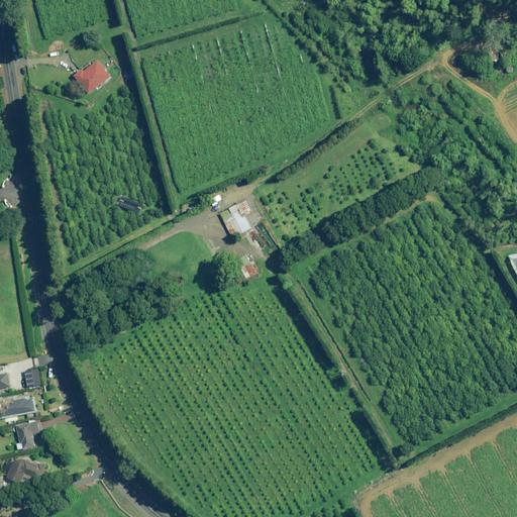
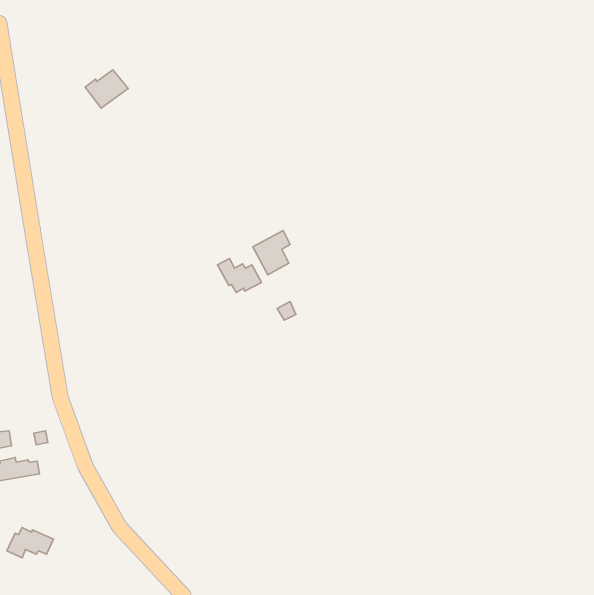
building: none -> [218,259,261,293]
building: [16,421,40,450] -> none

